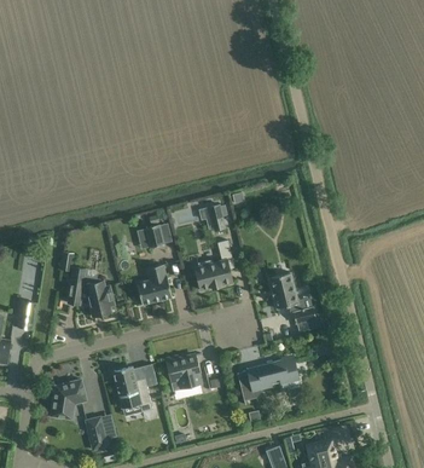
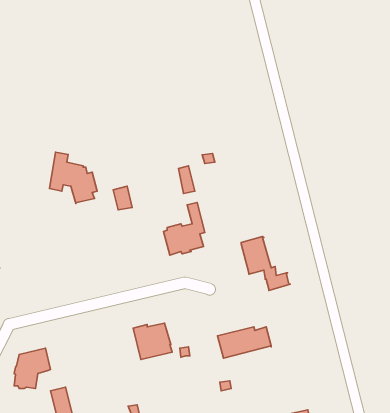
building: [137,265,172,305] -> none
building: [68,267,114,317] -> [49,152,97,204]
building: [114,366,152,411] -> none

